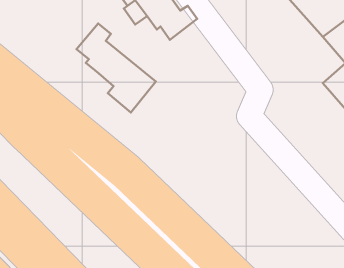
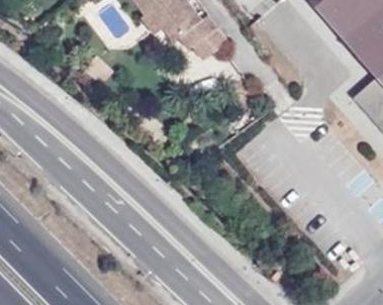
building: [76,23,156,113] -> none

